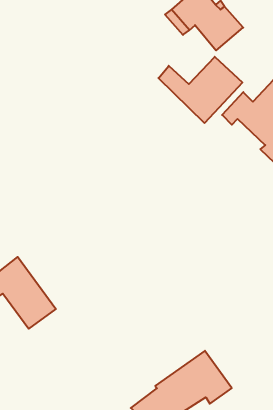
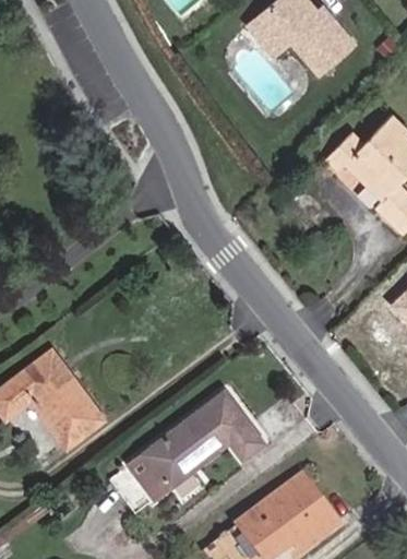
building: [158,57,242,123] -> none
building: none -> [110,392,261,512]

